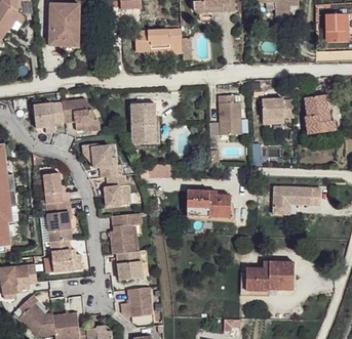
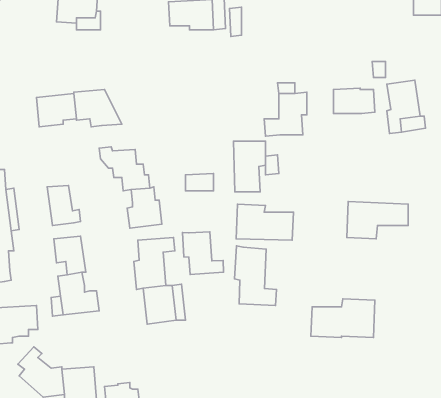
building: [130,103,155,142] -> [234,141,266,192]
building: none -> [183,232,224,275]
building: none -> [235,246,277,305]
building: [121,286,151,315] -> none

